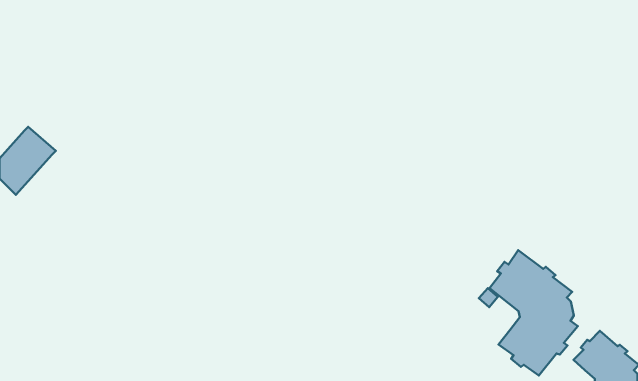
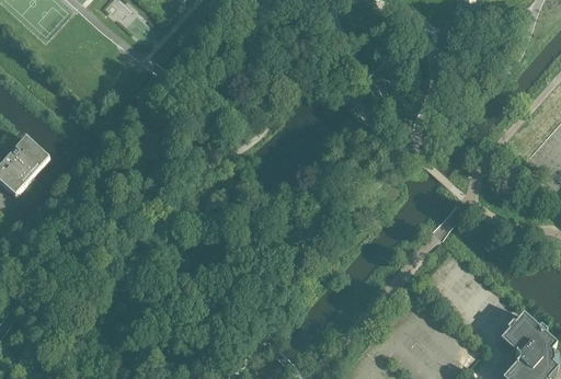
building: [490,250,578,375] -> none

